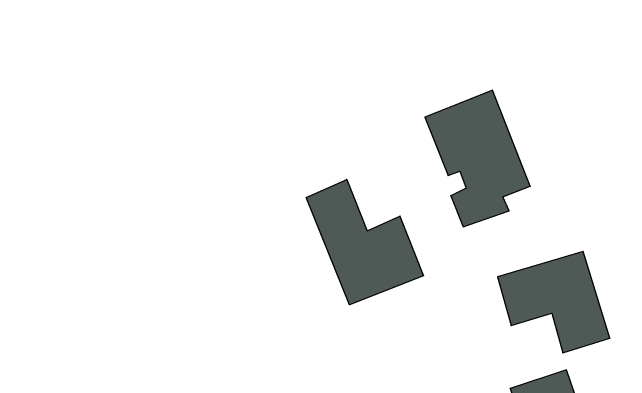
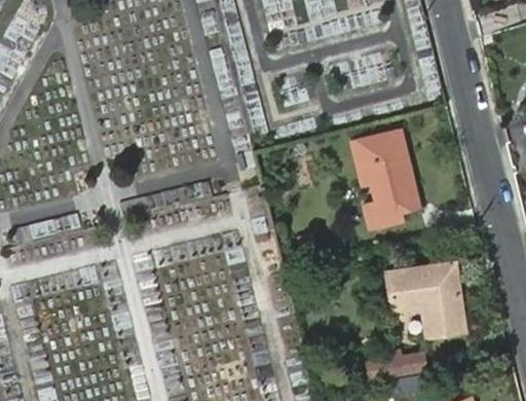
building: [306,179,423,305] -> none

